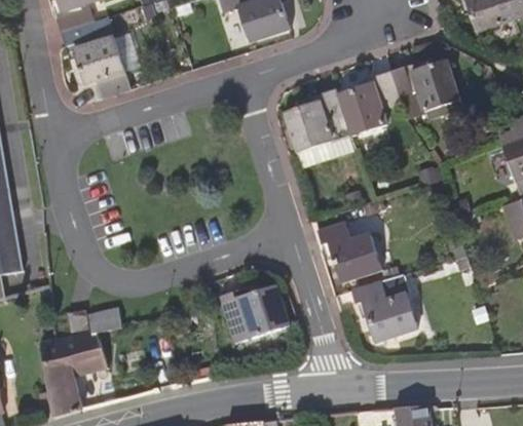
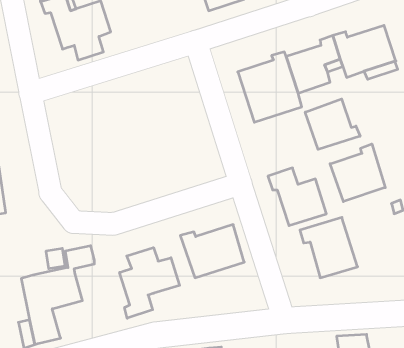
building: none -> [305,99,360,149]
building: none -> [330,144,385,202]
building: none -> [120,248,180,318]

